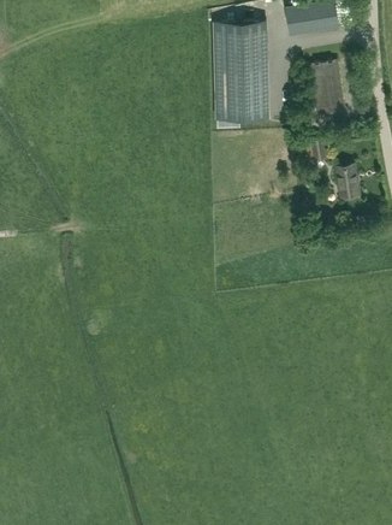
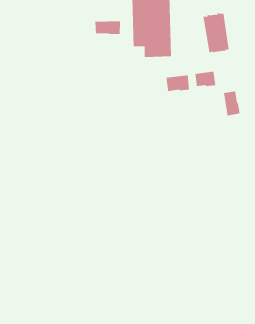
building: none -> [95,20,120,35]
building: none -> [166,74,190,92]

